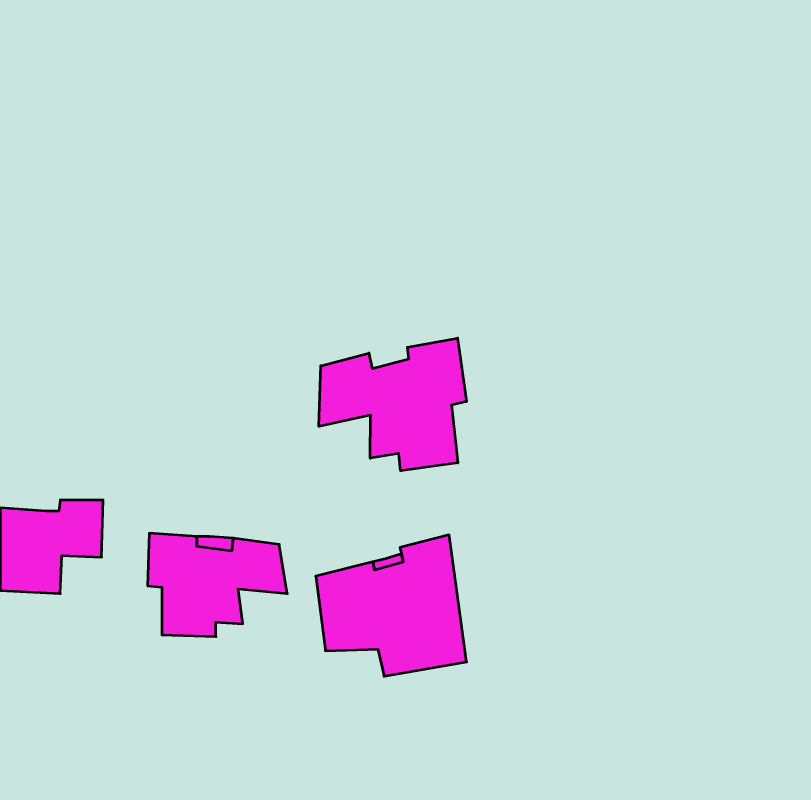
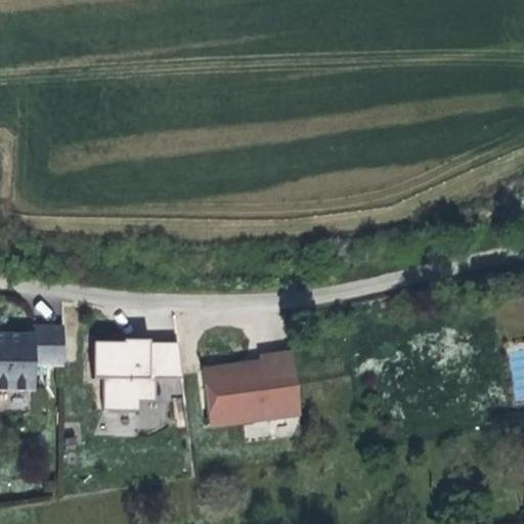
building: [319,338,466,471] -> none

